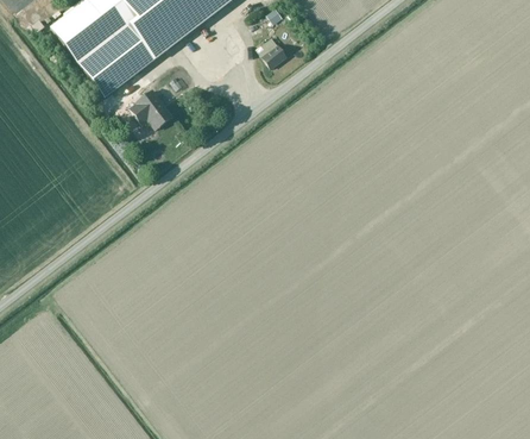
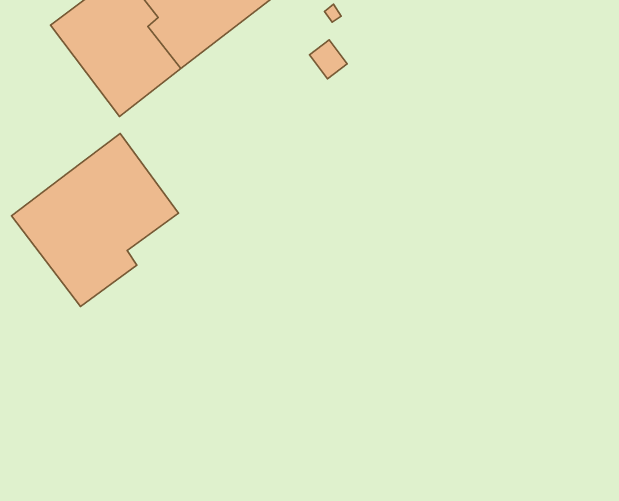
building: [128,89,170,127] -> none
building: none -> [12,134,179,307]

